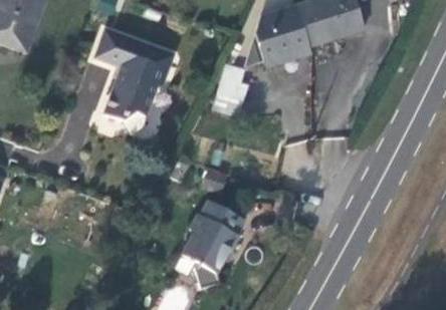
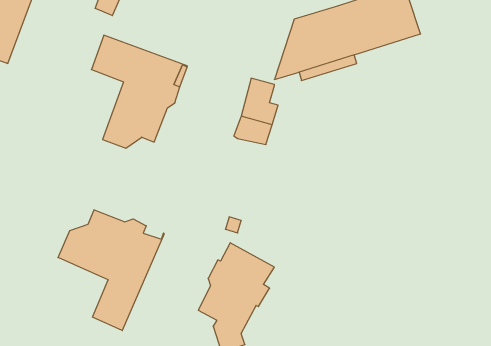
building: none -> [58,210,164,331]

